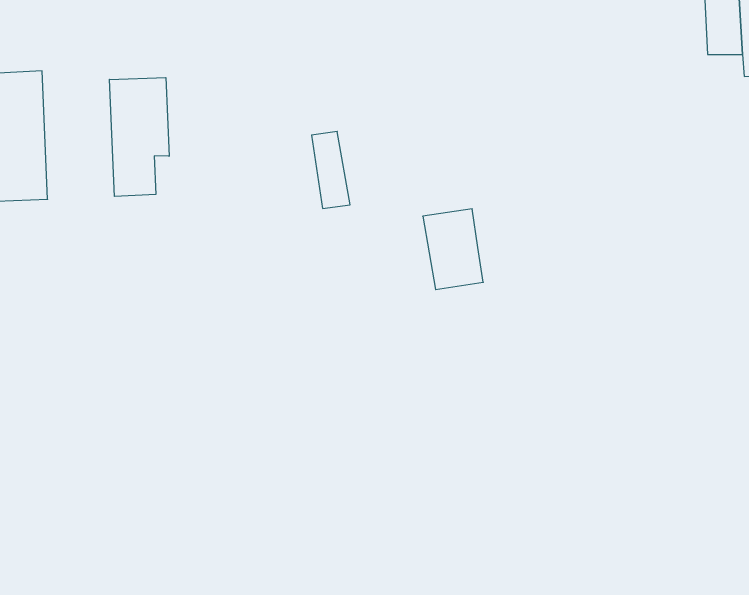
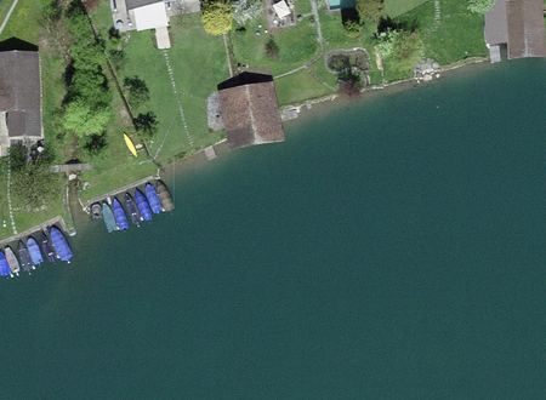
building: [109,78,169,196] -> none
building: [423,209,483,290] -> [238,86,278,139]

